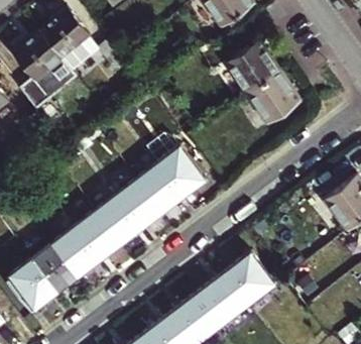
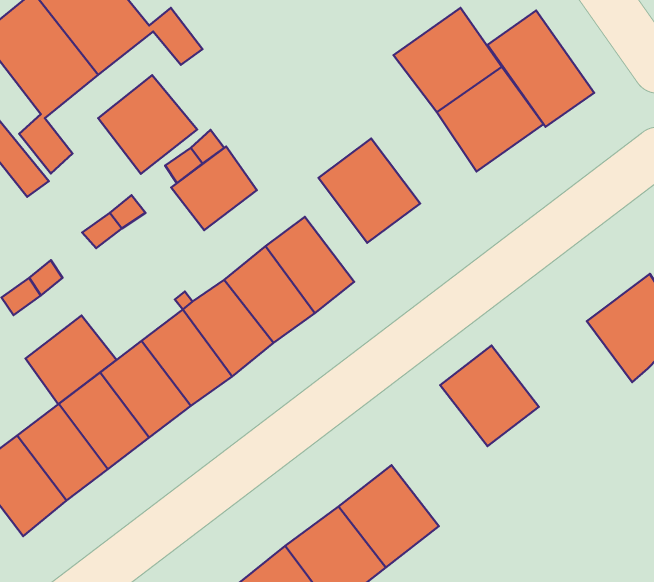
building: none -> [487,11,594,127]
building: none -> [98,75,197,174]
building: none -> [319,139,420,243]
building: none -> [171,146,257,230]
building: none -> [26,315,116,404]
building: [224,253,274,305] -> [440,346,539,446]

